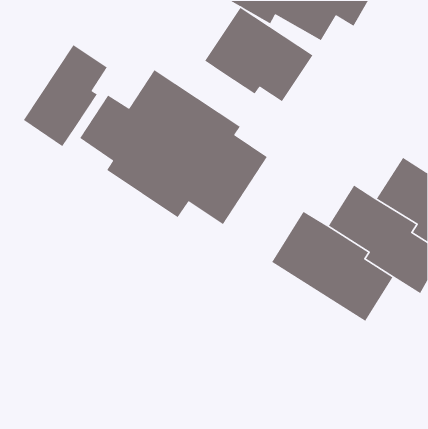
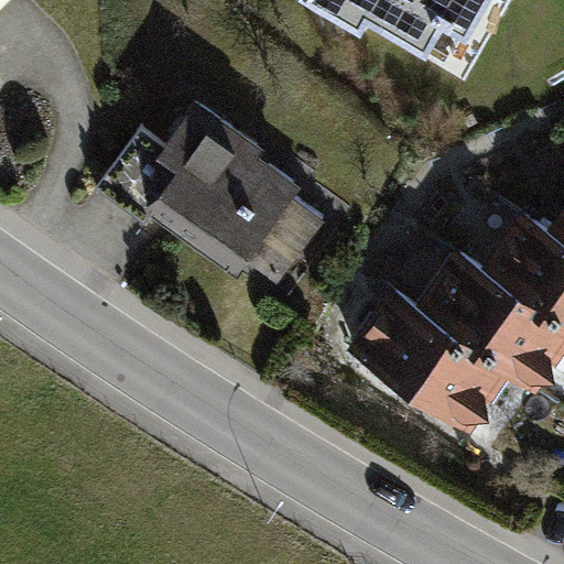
building: [204,7,313,102] -> none
building: [23,44,108,147] -> none

